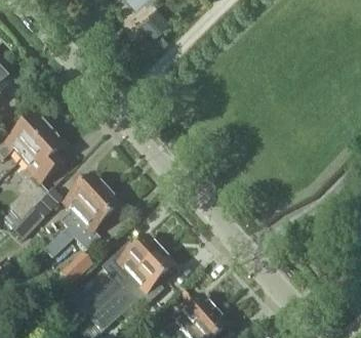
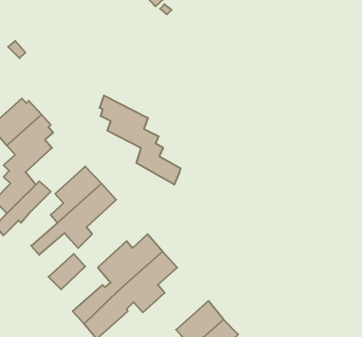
building: none -> [100,95,180,185]

